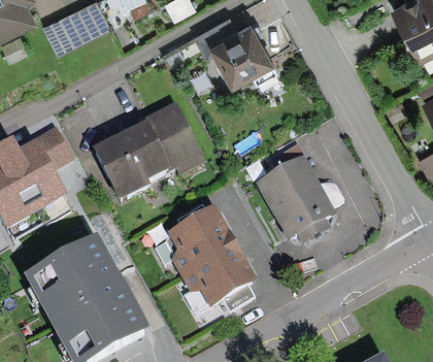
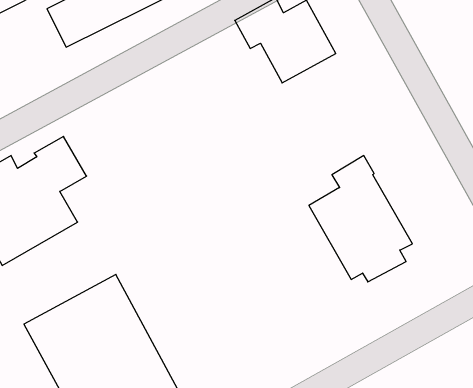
building: [93,106,207,206] -> none
building: [156,206,260,317] -> none

